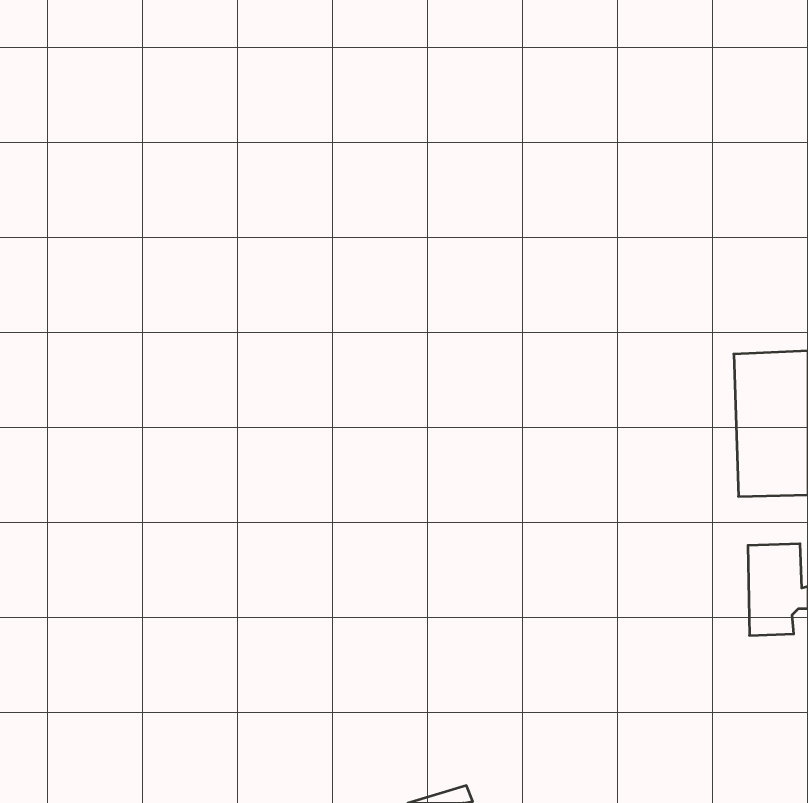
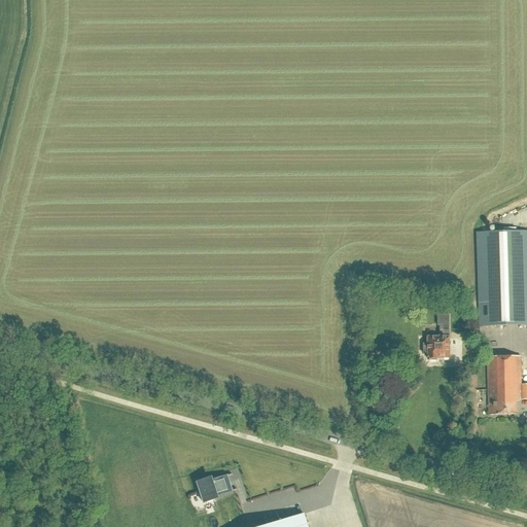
building: none -> [422,313,448,358]
building: none -> [196,471,233,501]

